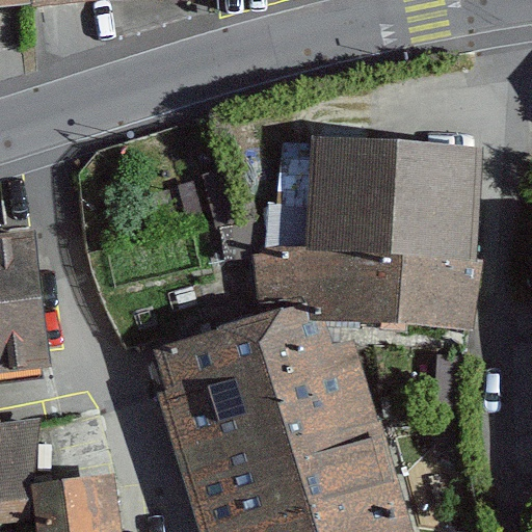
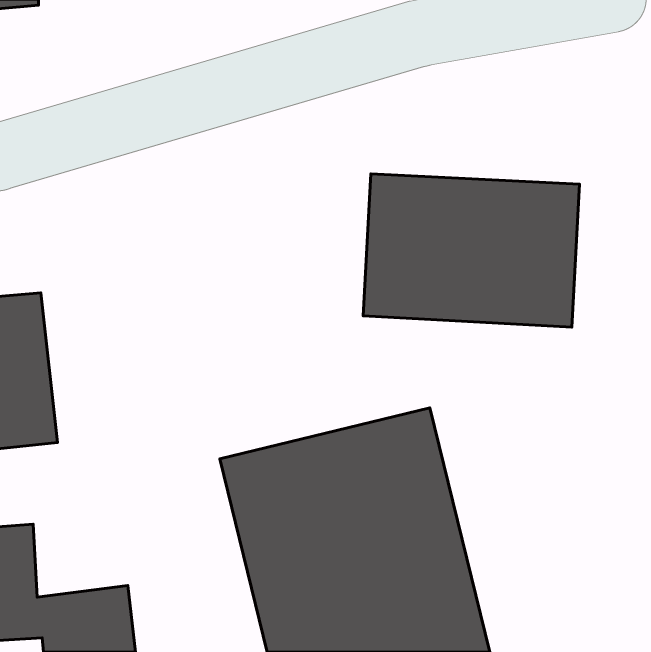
building: [257,255,464,326] -> none

